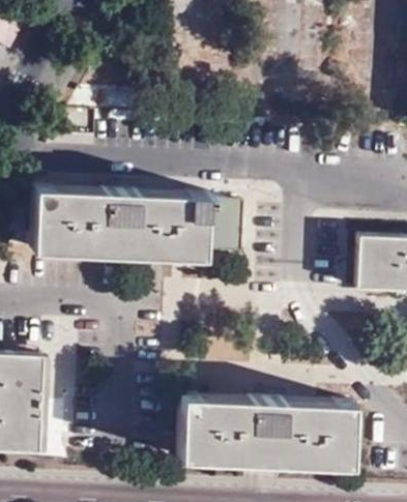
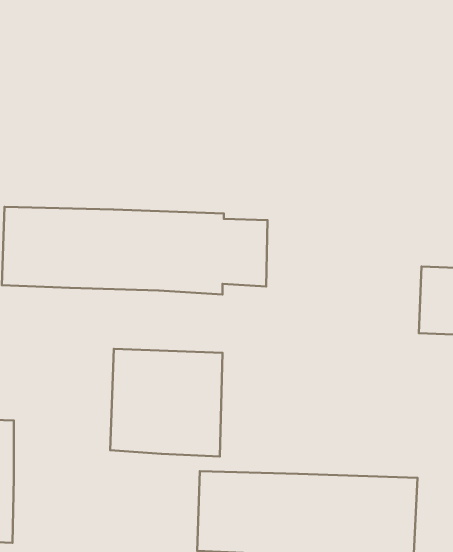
building: none -> [110,349,223,456]

